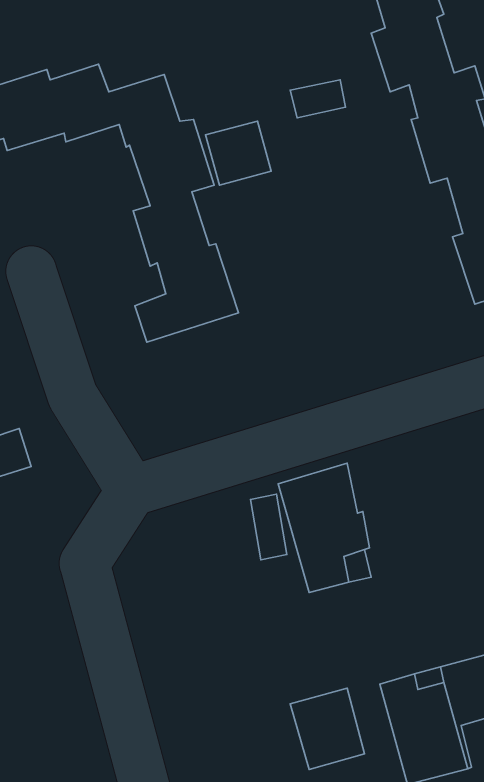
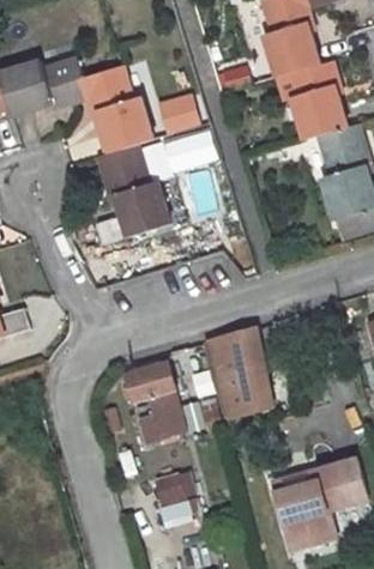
building: none -> [121,364,183,438]
building: [290,688,365,769] -> [144,472,195,528]

